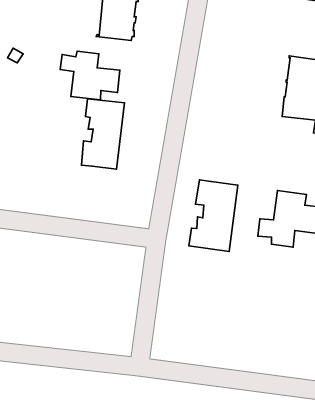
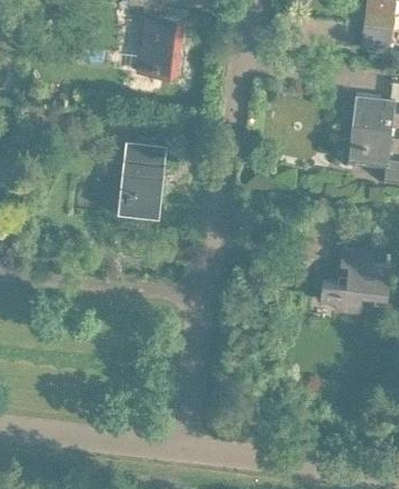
building: [60,51,120,100] -> none
building: [189,180,238,252] -> none

